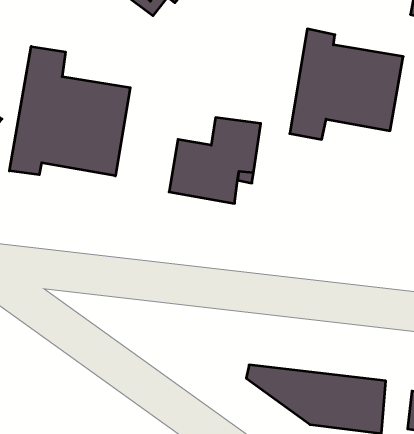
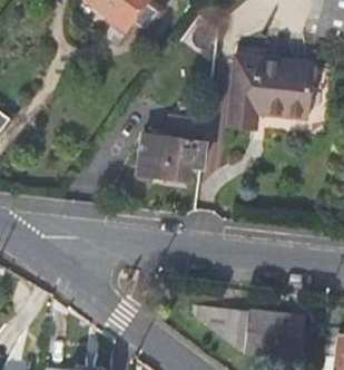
building: [9,46,130,176] -> none

